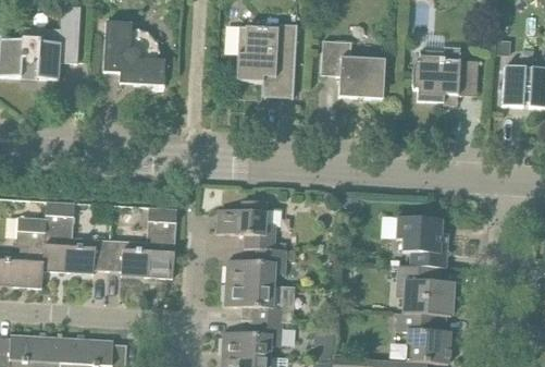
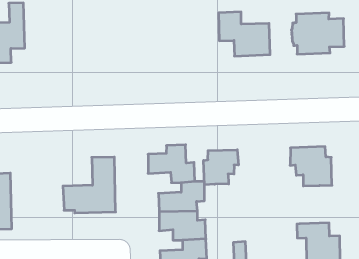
building: [102,21,164,86] -> none
building: [235,26,296,94] -> none
building: [41,200,109,273] -> none
building: none -> [204,150,238,185]
building: [398,265,453,316] -> none

